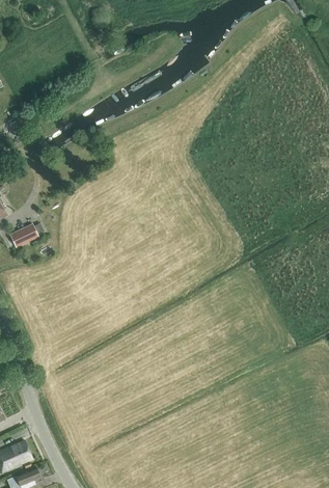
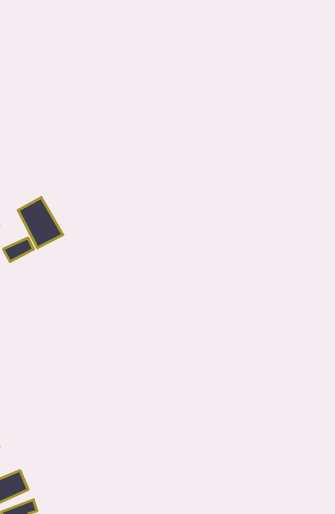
building: none -> [18,197,63,248]

